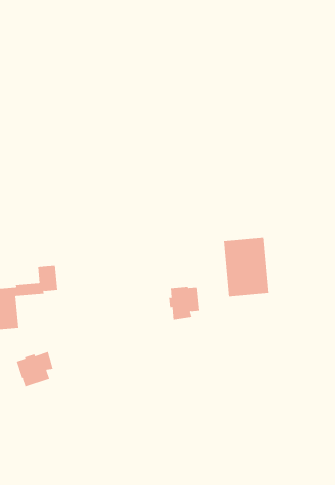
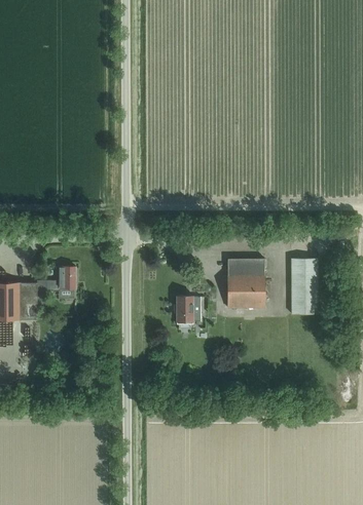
building: none -> [290,259,318,315]
building: [16,351,53,387] -> none

